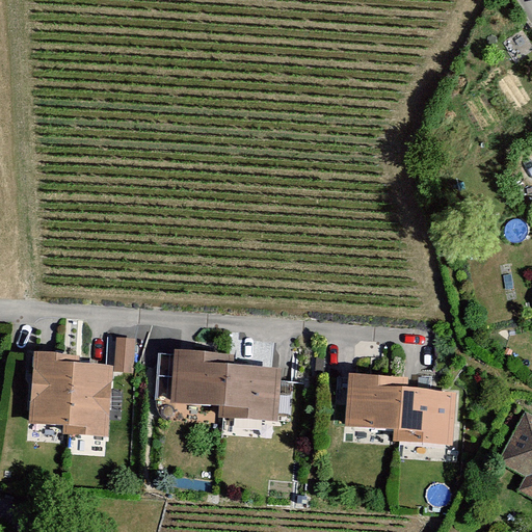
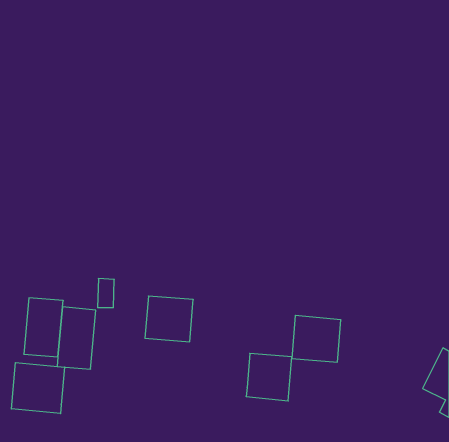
building: [223,364,277,420] -> [246,353,292,401]
building: [398,389,454,445] -> none
building: none -> [11,363,65,414]

